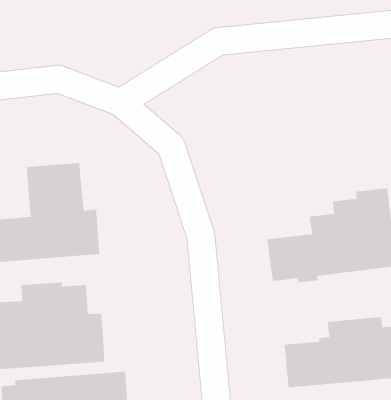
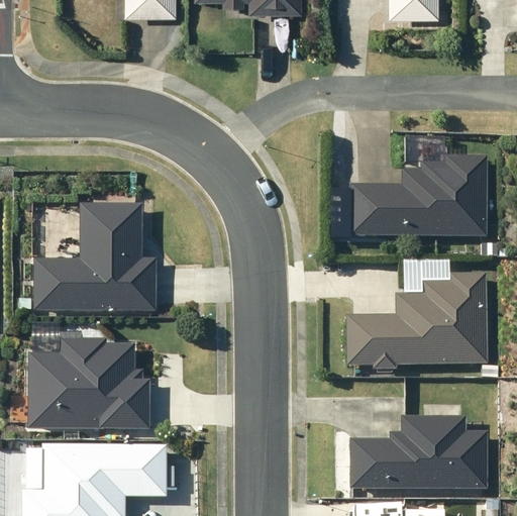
building: none -> [348,156,491,239]

